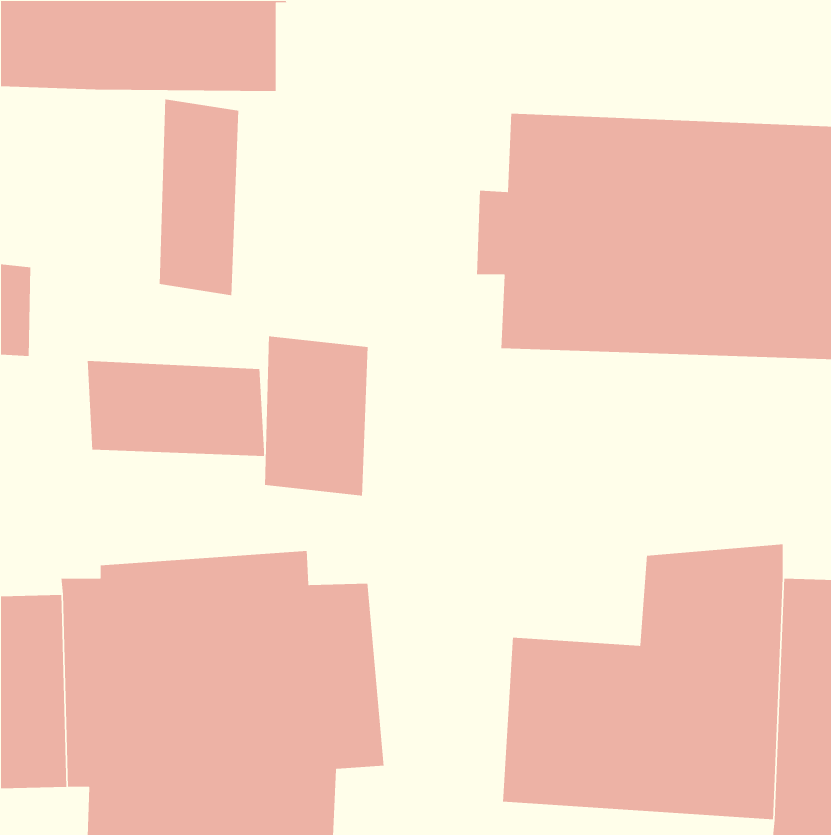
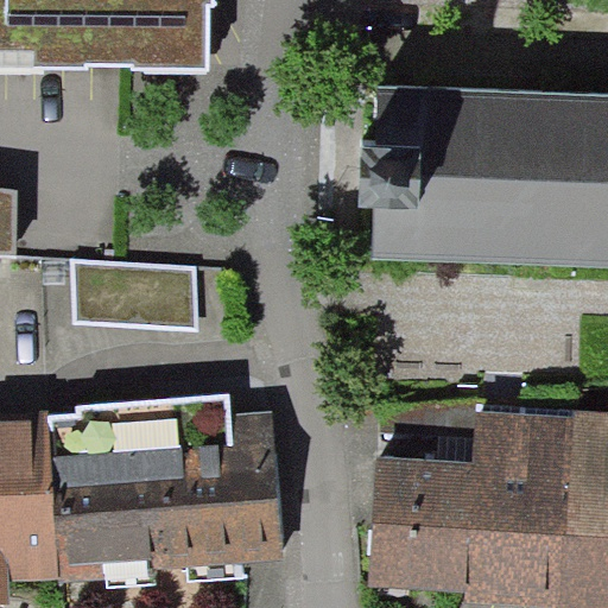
building: [159,98,239,296] -> none
building: [264,336,369,496] -> none

